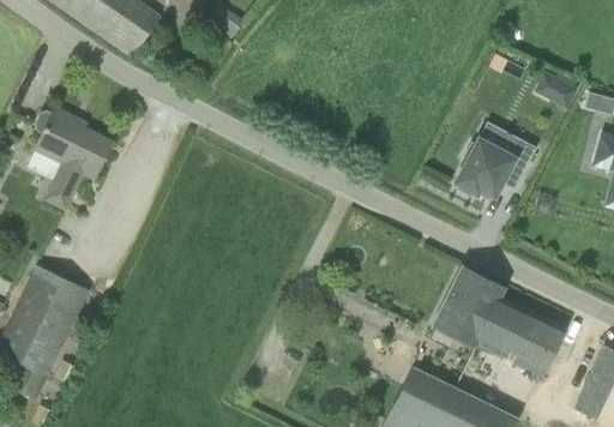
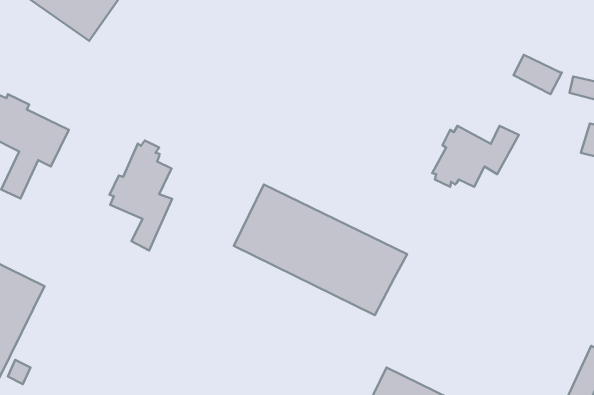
building: none -> [110,140,172,250]
building: none -> [234,184,407,315]
building: [432,264,566,374] -> none

